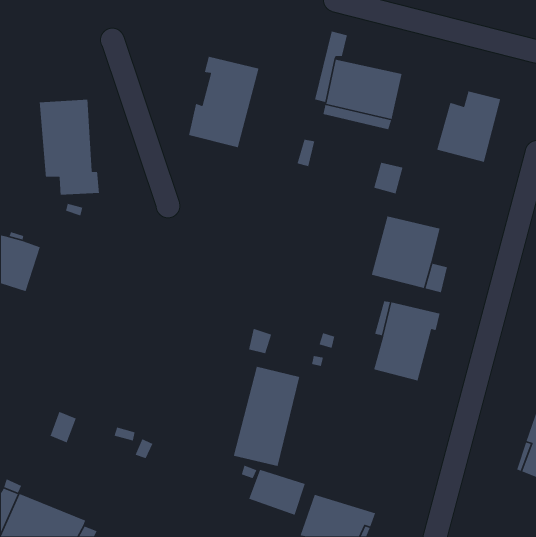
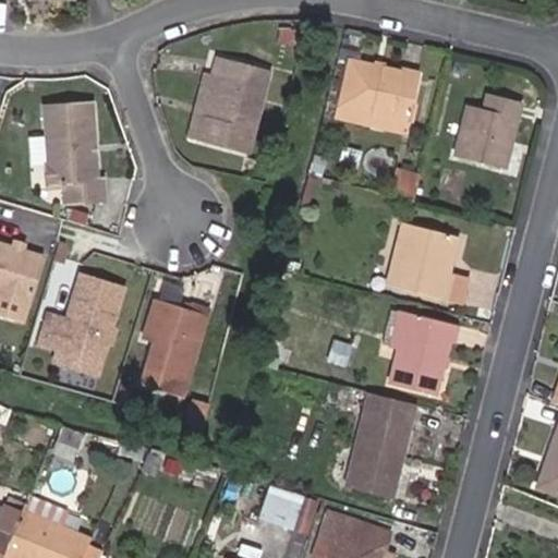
building: none -> [37,275,123,375]
building: none -> [138,300,210,398]
building: [233,366,300,467] -> [344,393,414,498]

